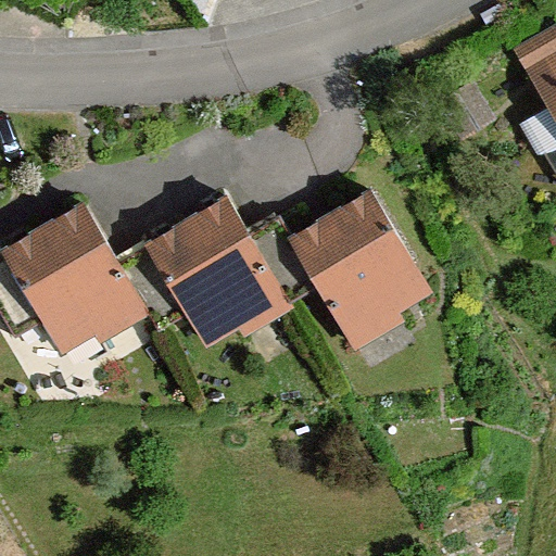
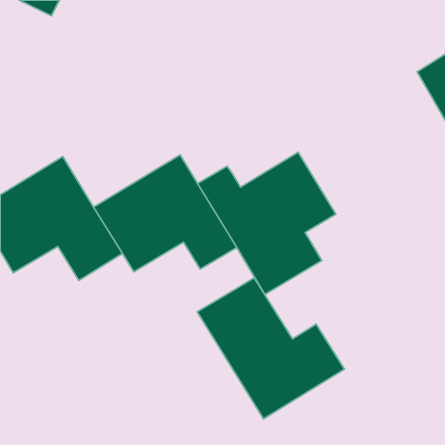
building: none -> [197,278,344,419]

